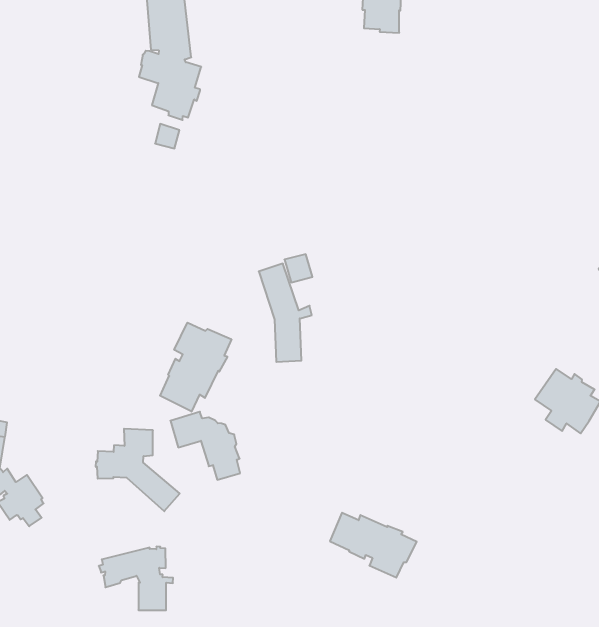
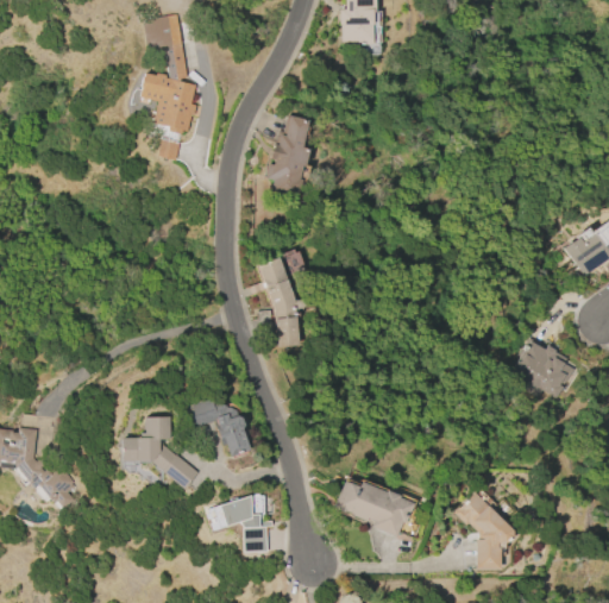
building: none -> [266,114,310,196]
building: [160,323,231,412] -> none
building: none -> [454,492,513,569]
building: [99,547,173,610] -> [206,494,274,552]

